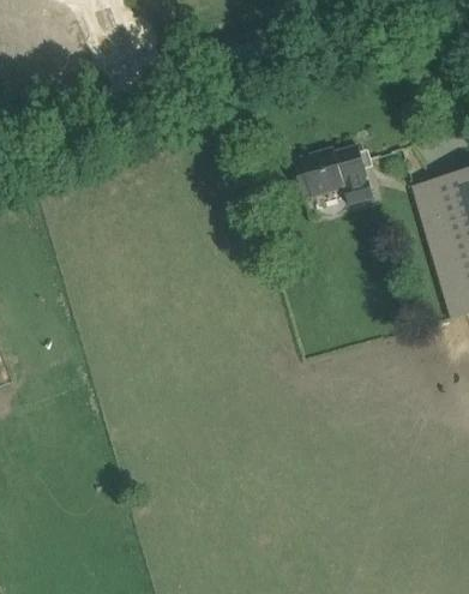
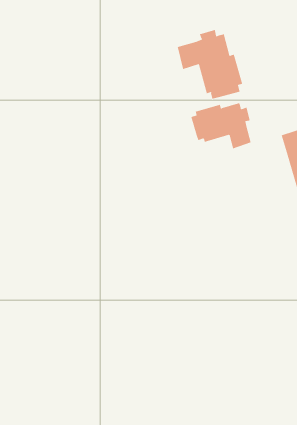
building: none -> [177,29,243,99]

